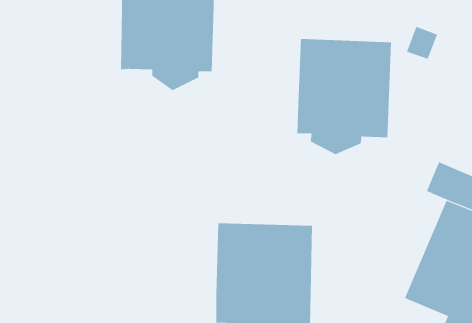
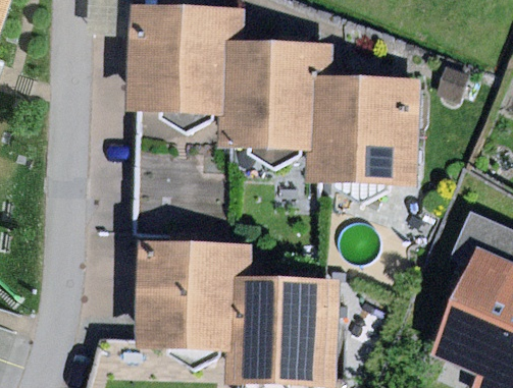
building: none -> [228,43,323,168]
building: none -> [135,239,235,351]

